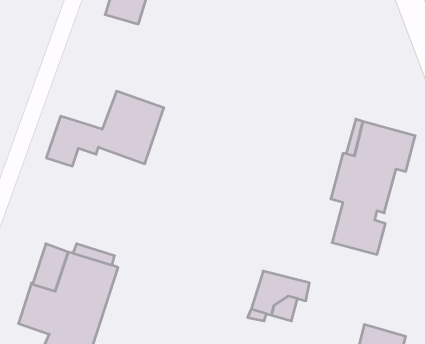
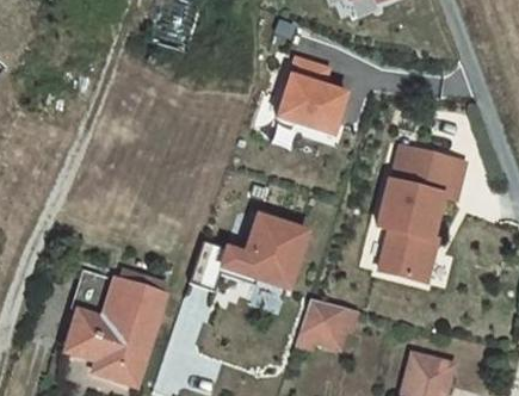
building: none -> [277,56,347,135]
building: [46,91,164,166] -> [187,216,305,291]

